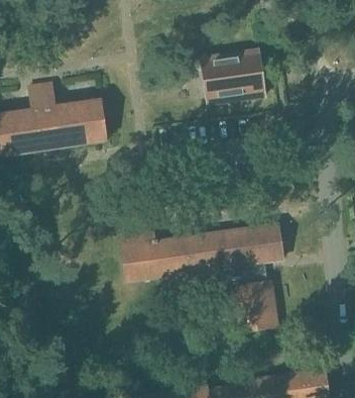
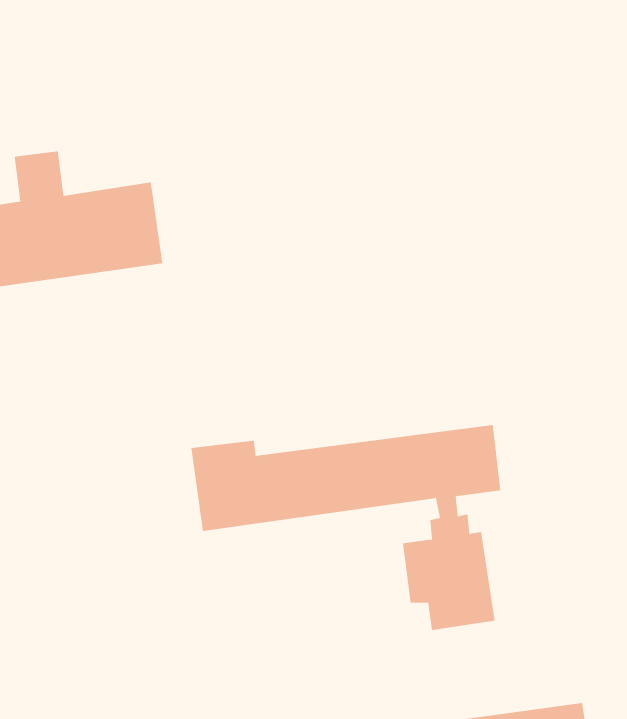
building: [201,49,265,103] -> none

